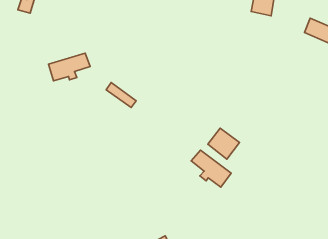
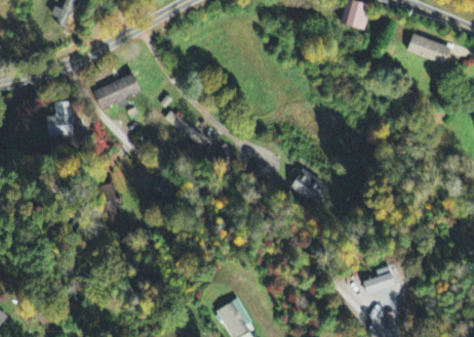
building: none -> [44,102,72,136]
building: [191,150,231,187] -> none
building: none -> [364,265,395,293]

